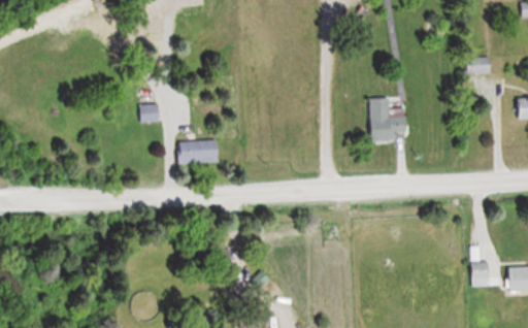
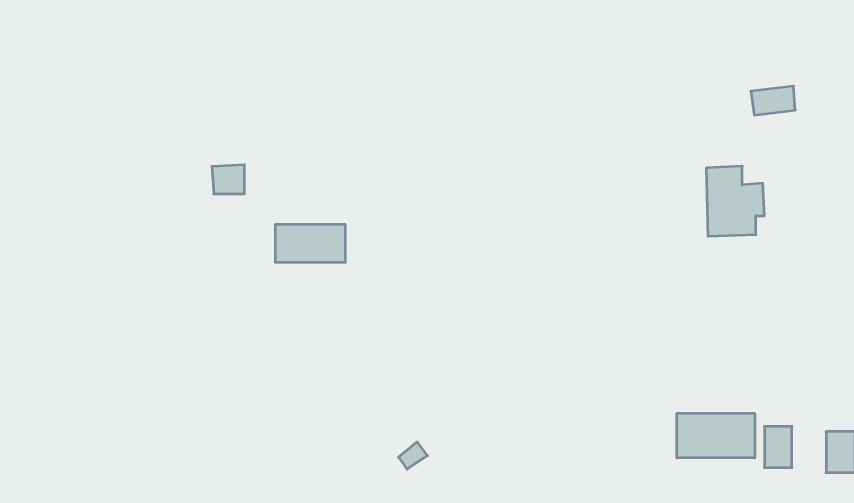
building: [368,98,403,140] -> [706,166,764,236]
building: none -> [677,413,755,458]

